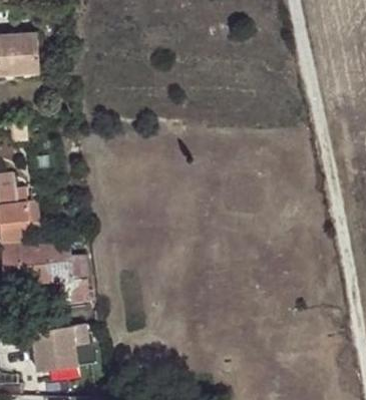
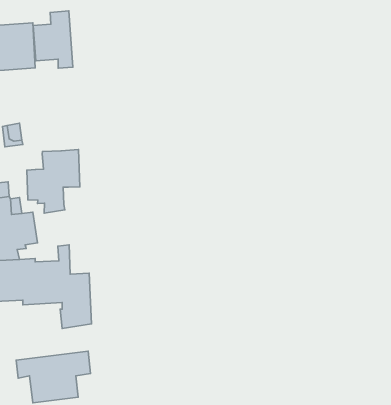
building: none -> [33,11,73,68]
building: none -> [27,150,80,213]

